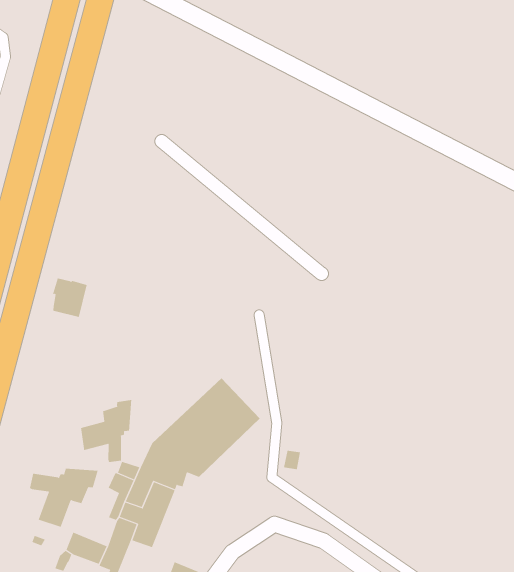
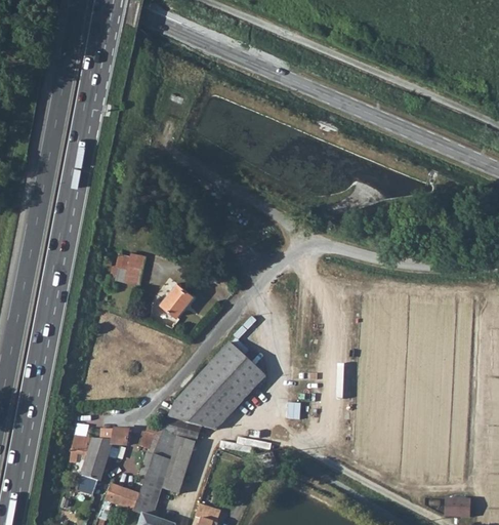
building: [52,278,88,318] -> [114,252,143,285]
building: none -> [160,283,191,316]
building: [81,399,132,463] -> none

